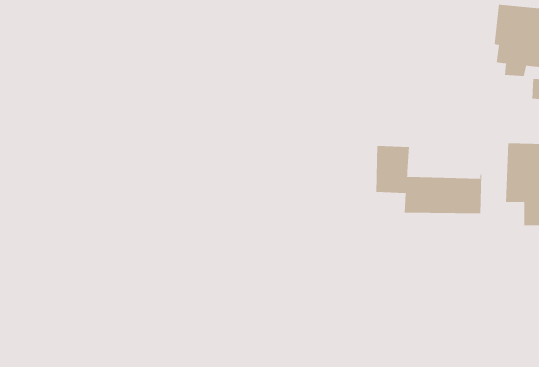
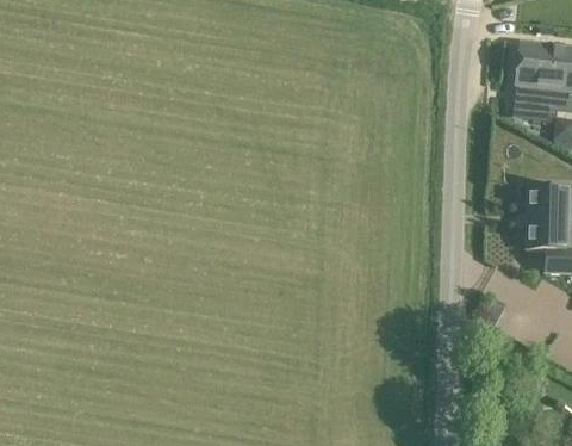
building: [376,145,482,214] -> none

